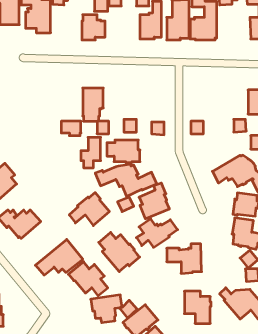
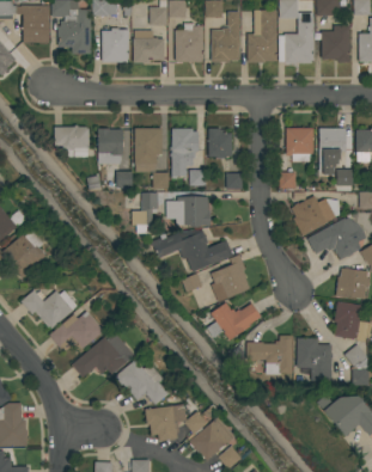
building: none -> [175,23,203,62]
building: none -> [321,25,350,62]
building: none -> [102,27,128,62]
building: none -> [54,127,89,158]
building: none -> [171,128,199,177]
building: none -> [286,128,313,163]
building: none -> [318,128,346,174]
building: none -> [97,129,122,164]
building: none -> [208,129,232,159]
building: none -> [291,196,336,237]
building: [69,193,109,226] -> [49,306,103,350]
building: [99,232,140,272] -> none
building: [184,291,211,323] -> [297,338,333,381]

